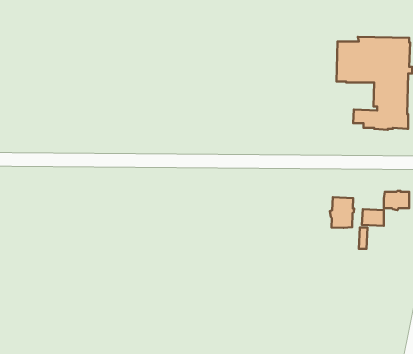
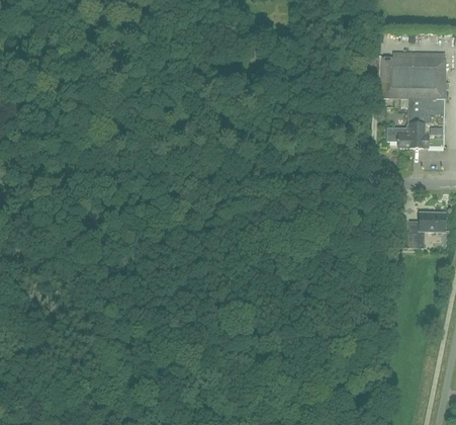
building: [330,197,354,228] -> none

